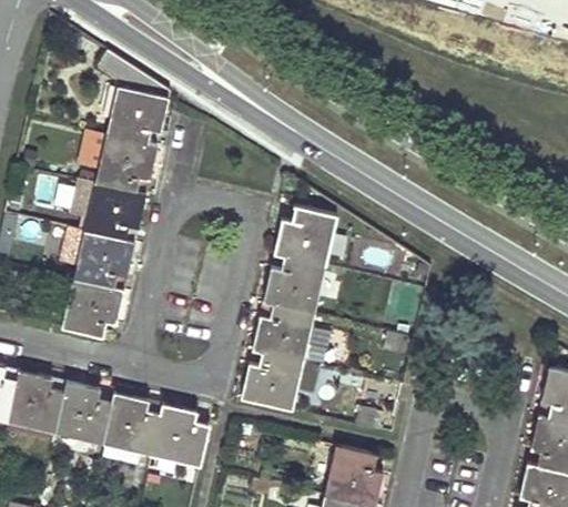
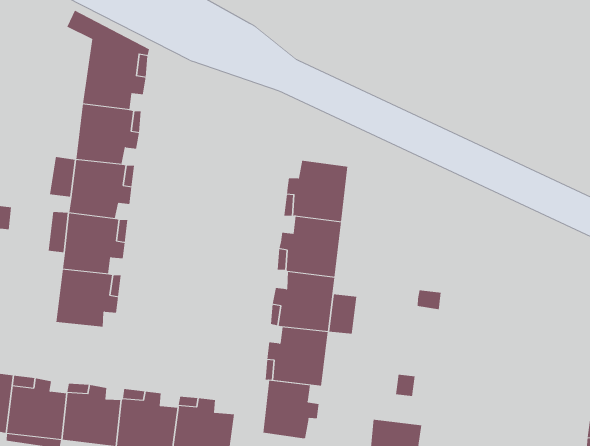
building: none -> [263,380,319,439]

